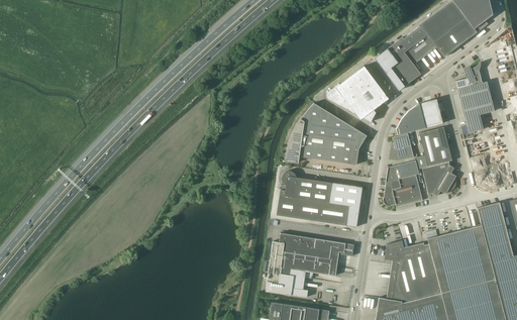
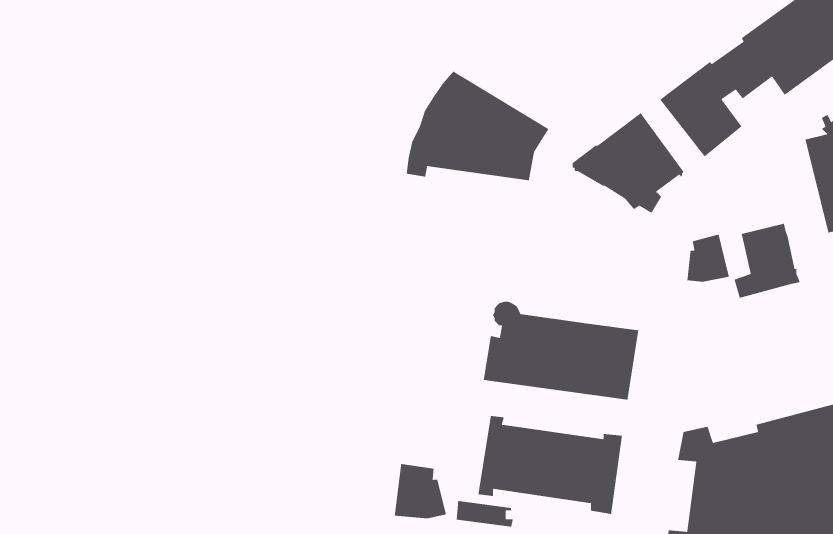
building: [397,99,443,134] -> none
building: [288,103,368,165] -> [406,71,549,181]
building: [384,161,423,207] -> none
building: [422,162,456,197] -> none
building: none -> [394,463,447,519]

